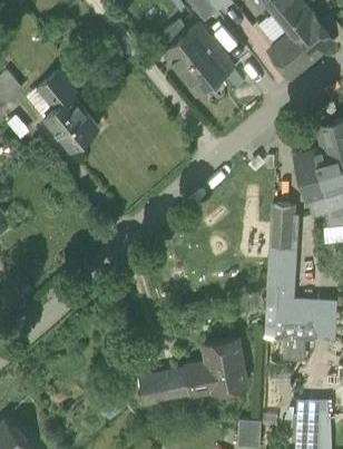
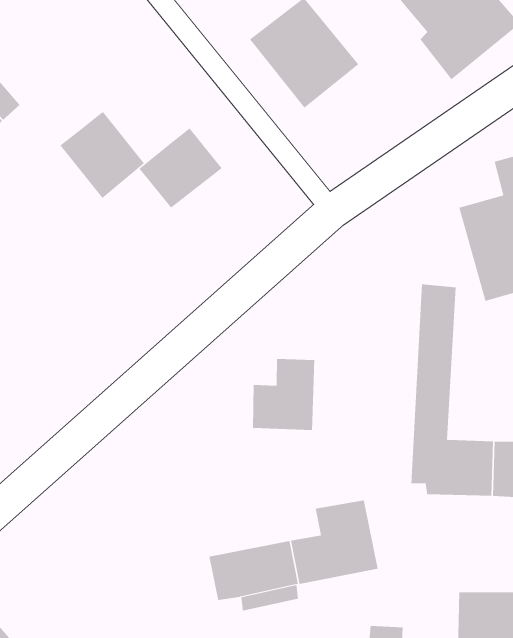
building: [39,72,76,109] -> none
building: none -> [139,127,222,209]
building: none -> [252,358,315,431]

